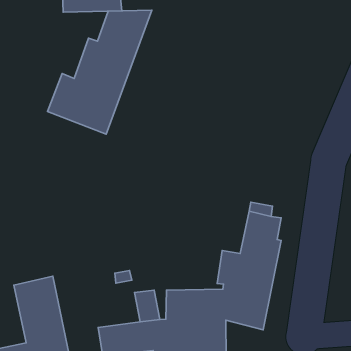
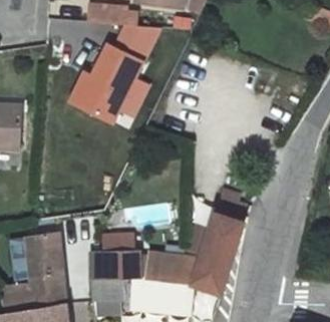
building: none -> [89,252,124,277]

